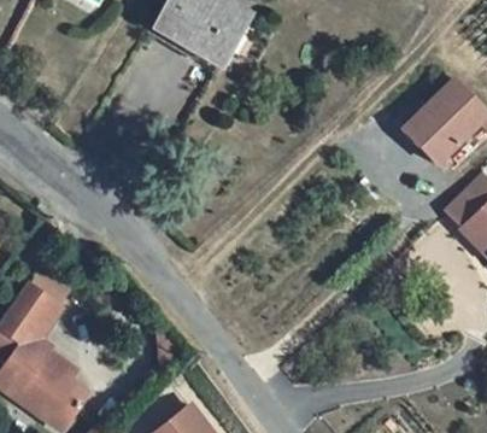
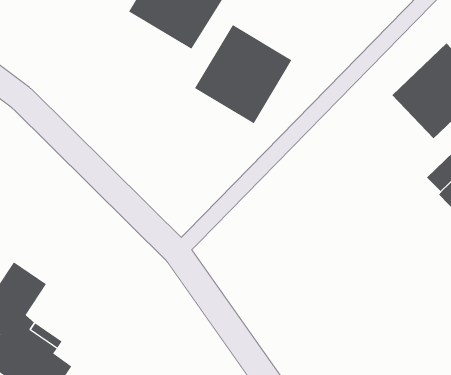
building: none -> [194,24,292,124]

